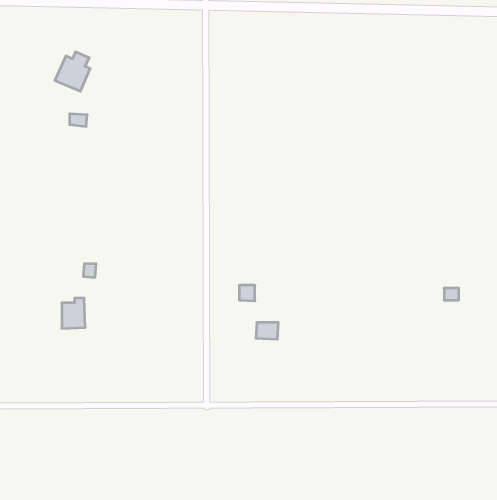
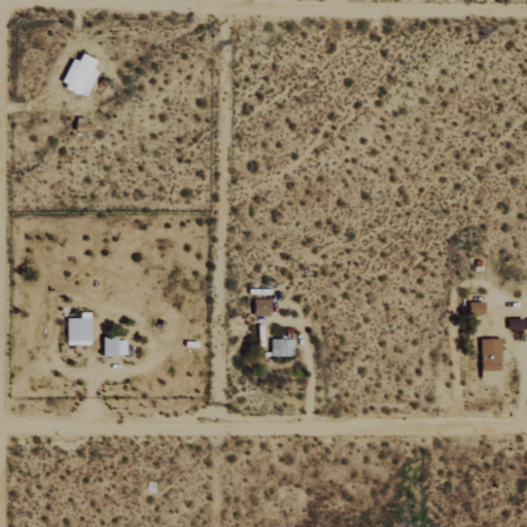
building: none -> [105,338,129,355]
building: none -> [482,339,503,380]

